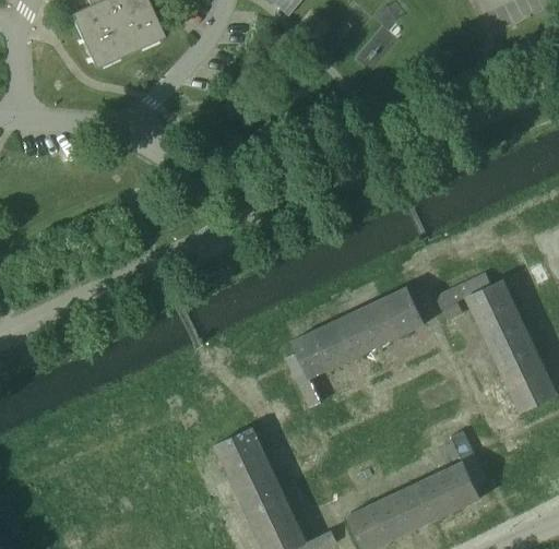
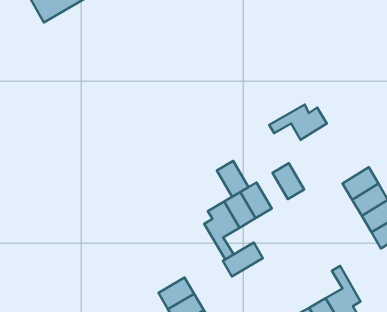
building: [436,274,513,321] -> [269,104,327,140]
building: [360,298,401,346] -> [217,161,248,197]
building: none -> [223,242,263,276]

